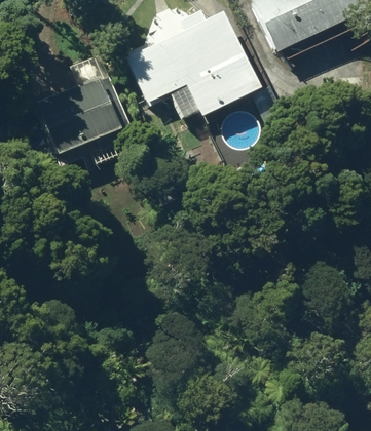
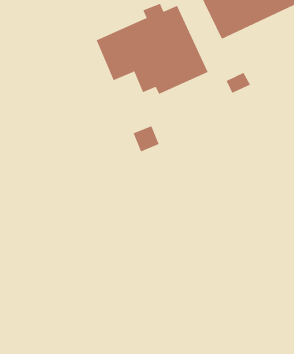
building: [34,72,134,156] -> none

